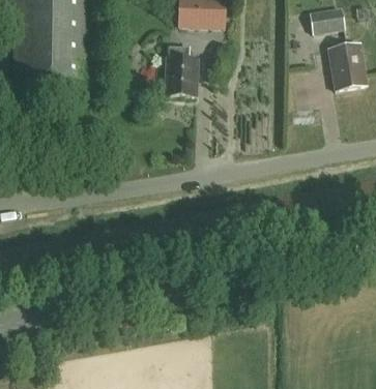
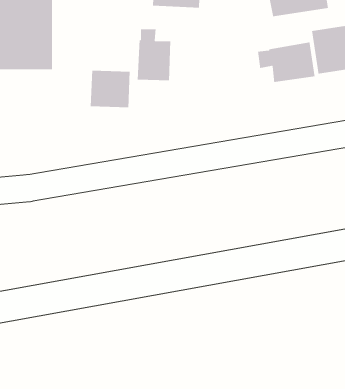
building: none -> [257,42,316,83]
building: none -> [90,70,131,108]

